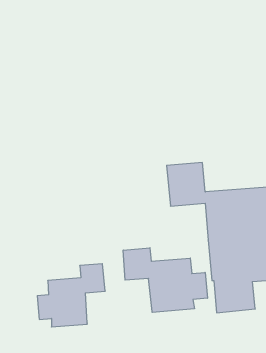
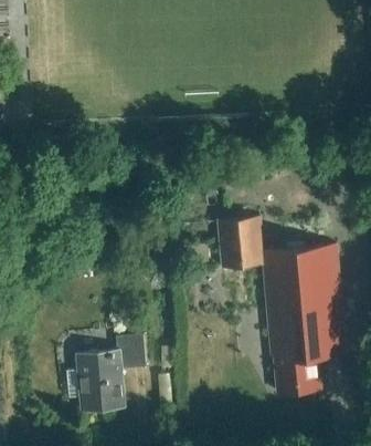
building: [123,248,207,312] -> none

